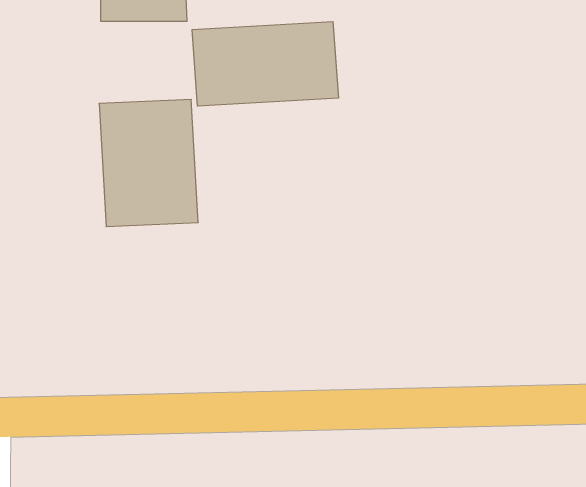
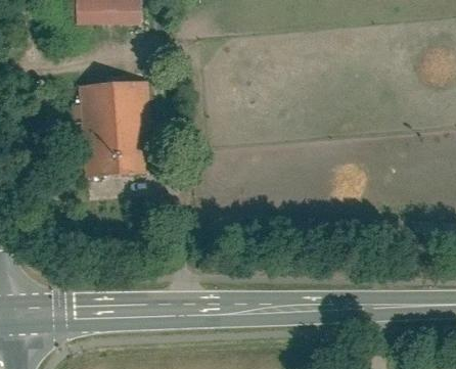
building: [192,22,338,106] -> none

